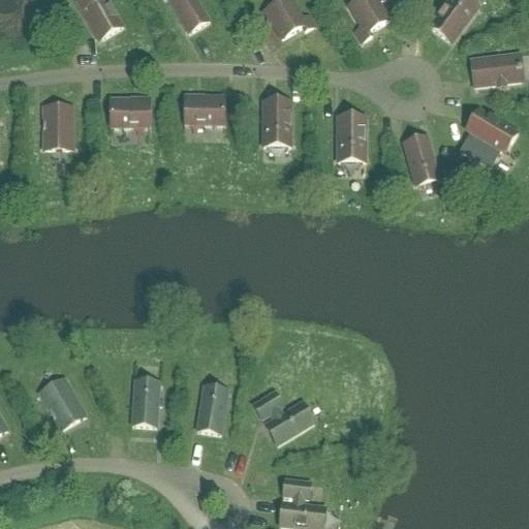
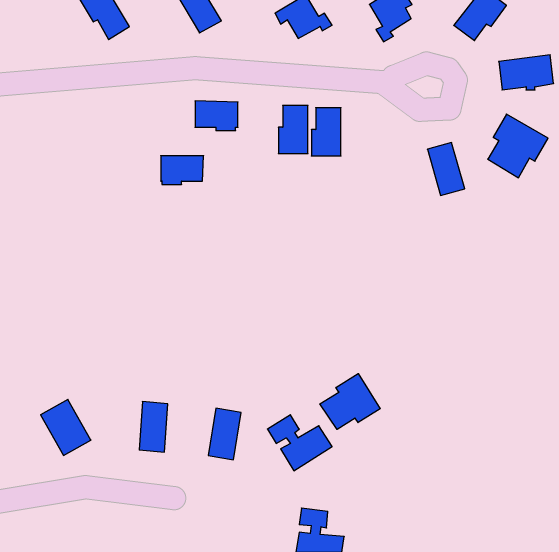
building: [110,98,150,125] -> [161,156,204,184]
building: [43,104,72,148] -> none
building: [337,115,365,160] -> [311,108,341,156]
building: none -> [320,374,380,429]

